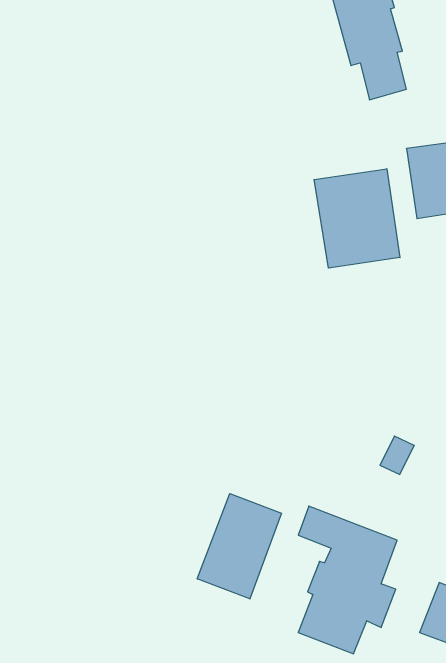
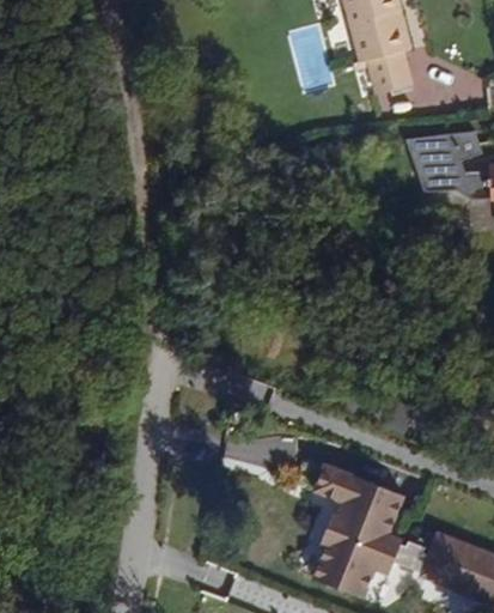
building: [314,169,400,268] -> none
building: [197,494,281,599] -> none

